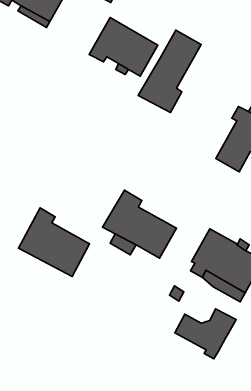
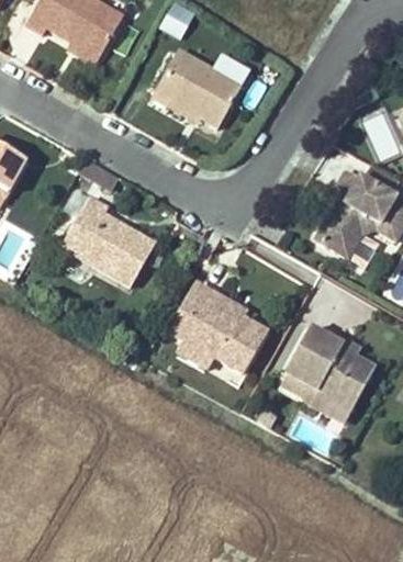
building: [138,30,201,112] -> none
building: [18,208,90,277] -> [61,192,155,282]
building: [175,309,236,359] -> none

